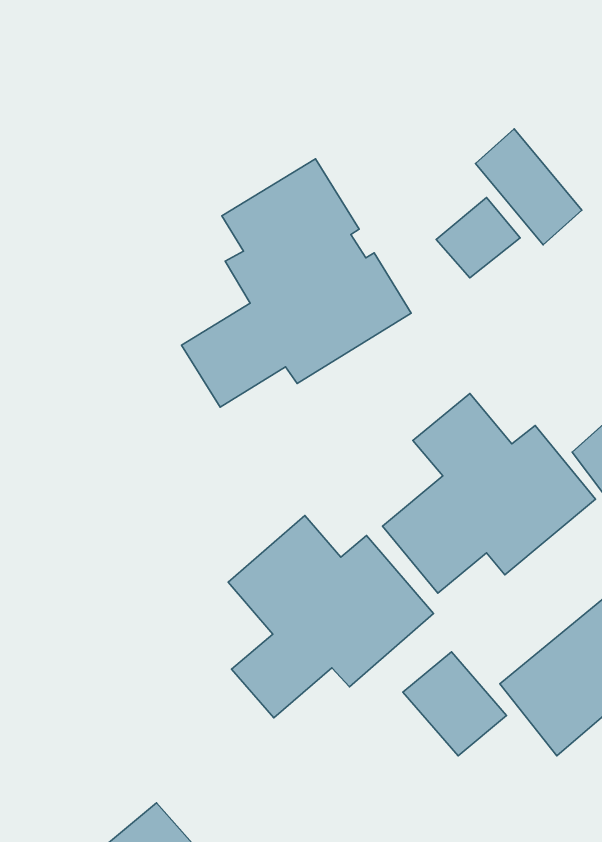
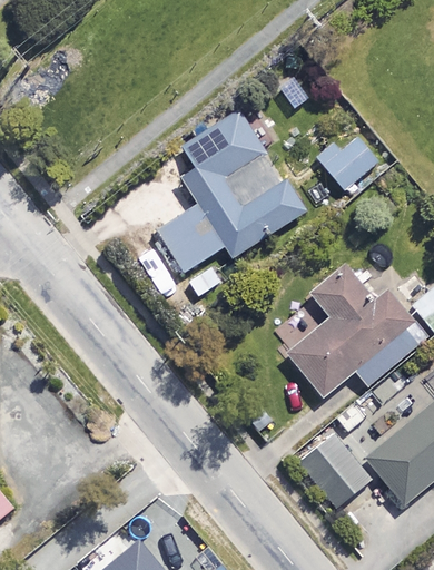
building: [475,129,582,245] -> none
building: [228,515,433,718] -> none

